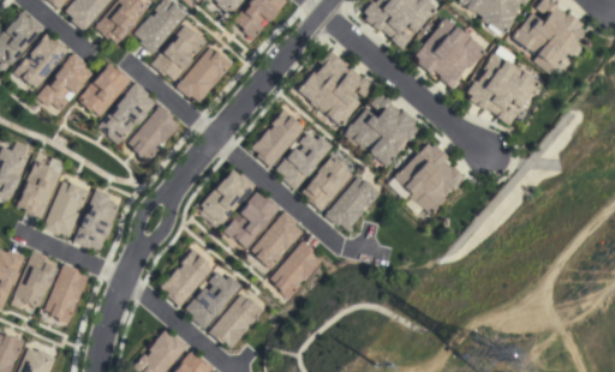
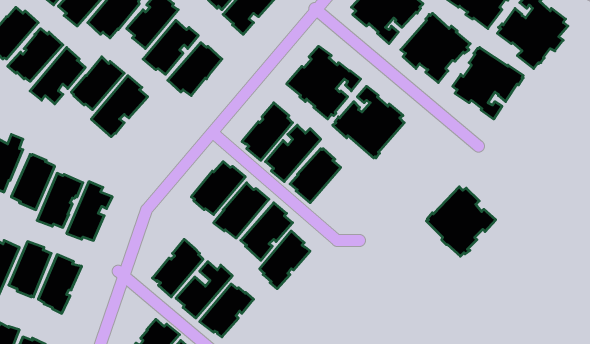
building: [129,104,180,163] -> none
building: [394,143,465,214] -> [426,187,496,256]
building: [326,176,381,230] -> none

